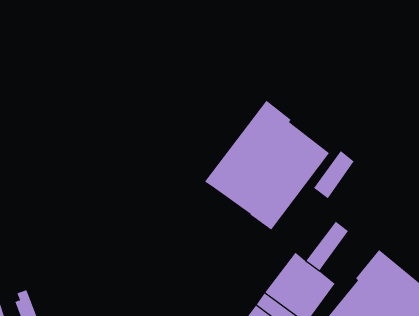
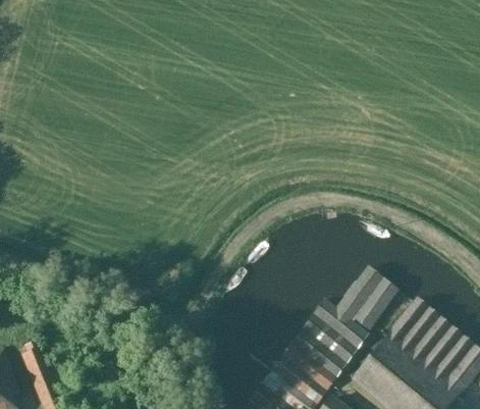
building: [204,100,330,231] -> none
building: [313,150,355,199] -> [354,276,398,329]

